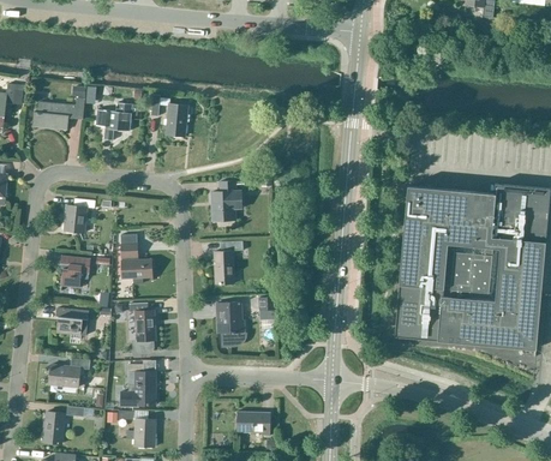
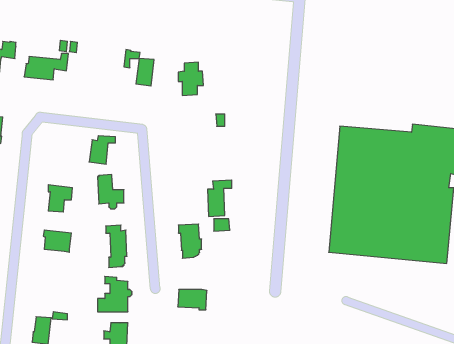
building: [96,103,138,142] -> none
building: [211,181,241,221] -> [178,62,203,95]
building: [64,200,95,234] -> [89,136,115,164]
building: [214,241,242,285] -> [208,180,232,216]
building: [48,360,89,388] -> none
building: [235,412,270,436] -> [178,290,207,310]

